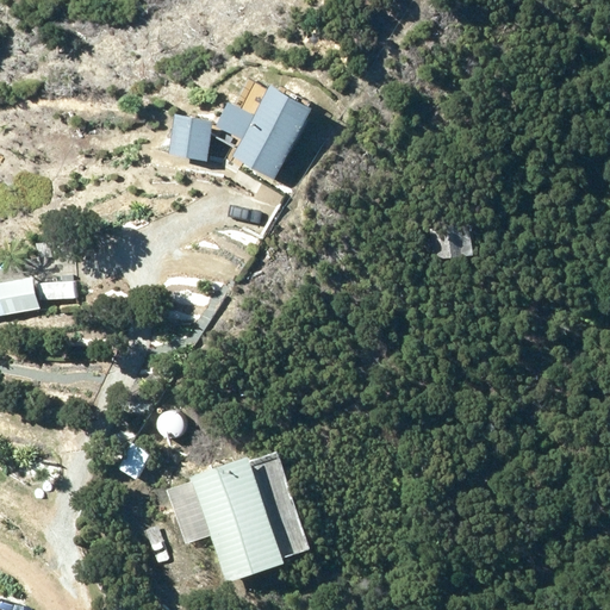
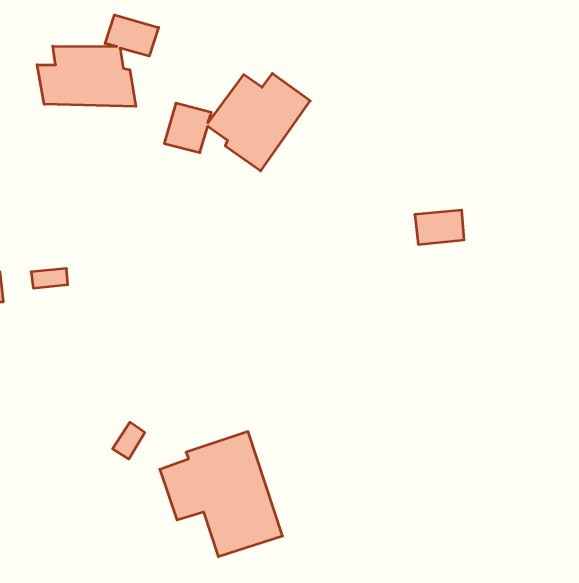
building: none -> [37,15,159,106]

